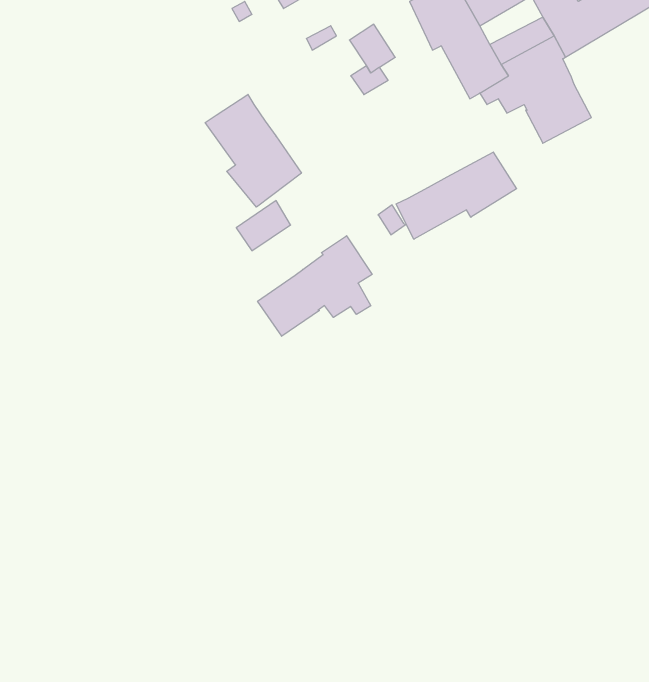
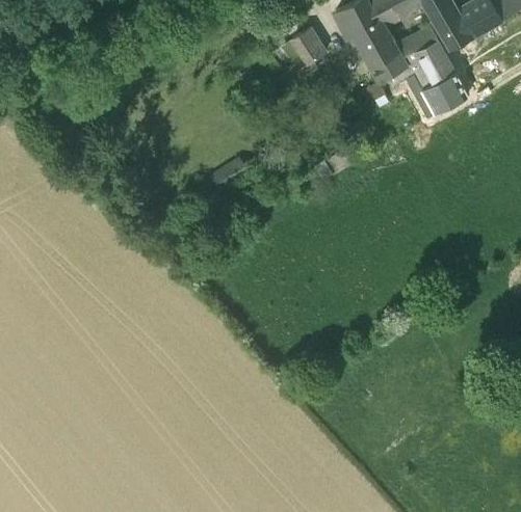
building: [205,94,301,207] -> none
building: [396,152,517,239] -> none
building: [258,236,372,336] -> none

